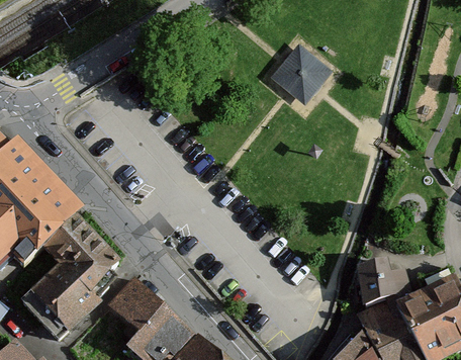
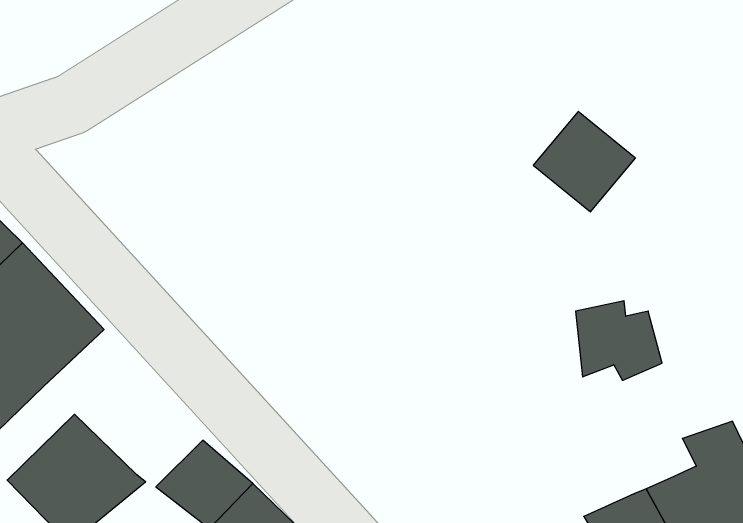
building: [271,43,331,102] -> [533,111,635,212]
building: [43,213,118,298] -> none
building: [361,263,411,309] -> [576,301,662,380]

